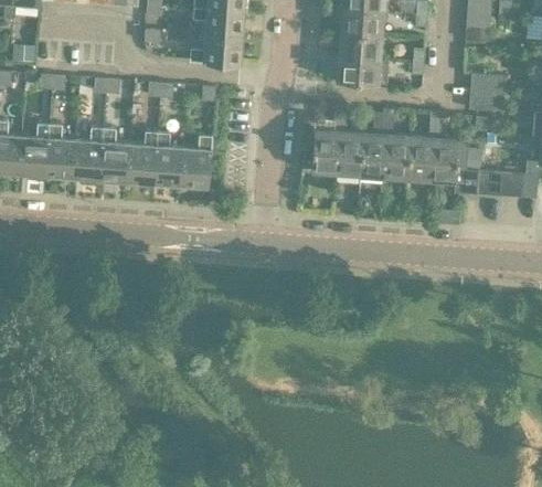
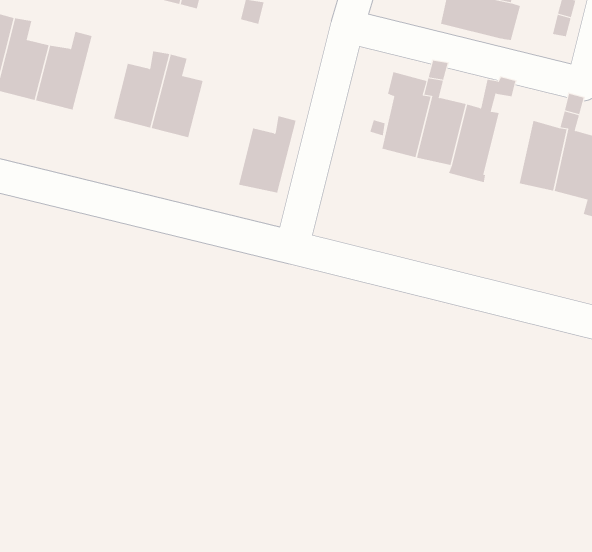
building: [381,120,410,178] -> none
building: [100,127,131,180] -> none
building: [181,134,213,186] -> [238,116,297,193]

